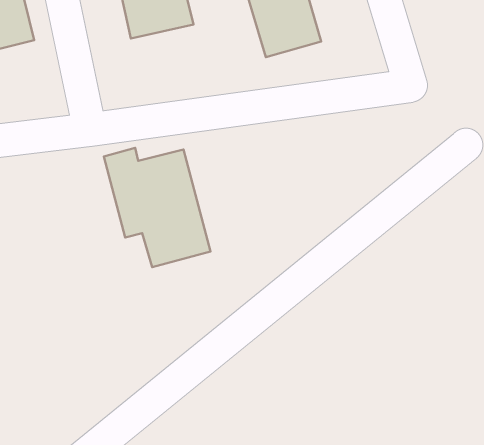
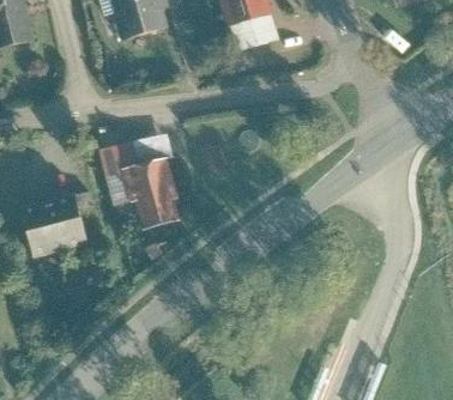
building: none -> [24,198,87,255]

